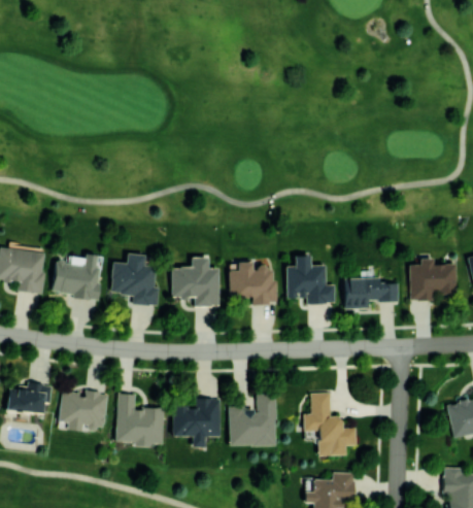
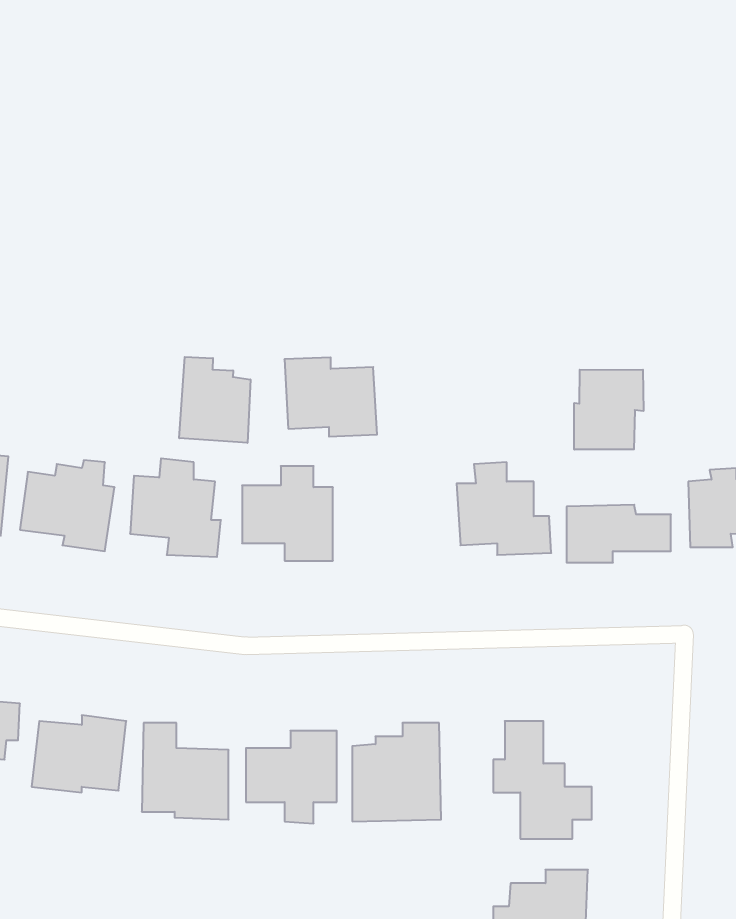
building: none -> [179,357,250,443]
building: none -> [574,370,643,450]
building: [228,262,277,304] -> [284,357,377,437]

